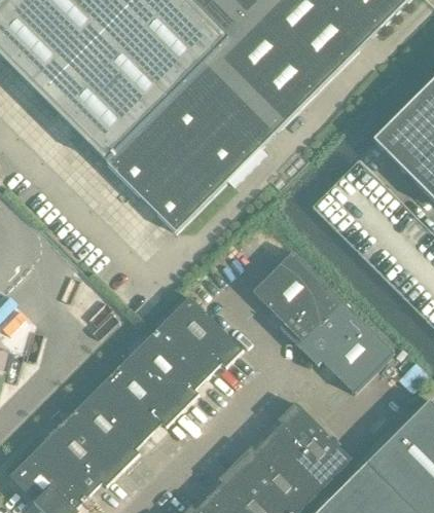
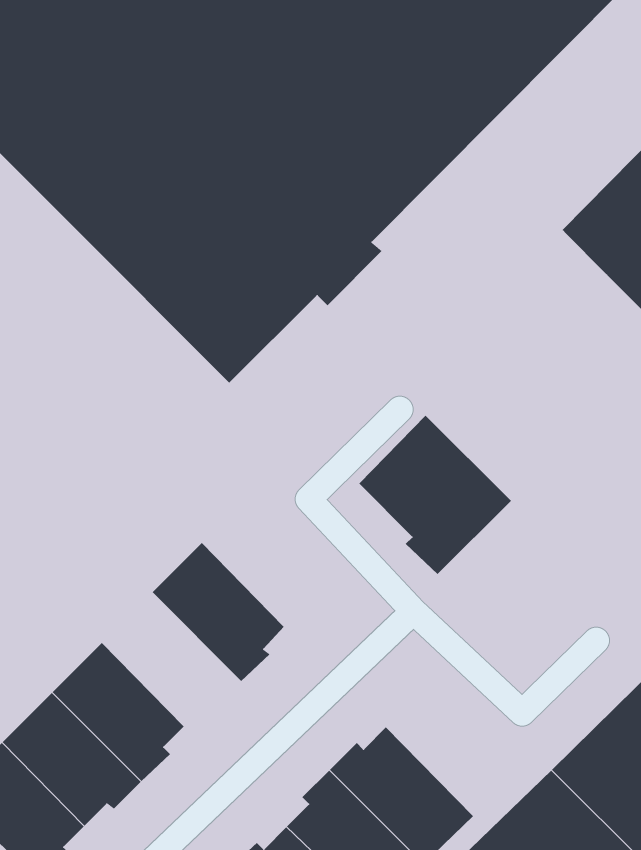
building: [159,295,244,376] -> none
building: [300,301,395,393] -> none
building: [100,356,183,436] -> none
building: [269,401,353,489] -> none

